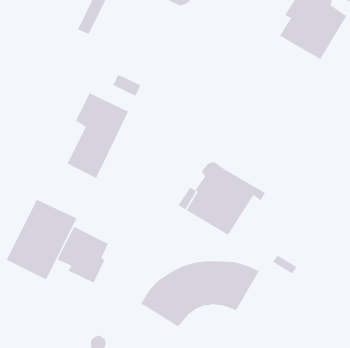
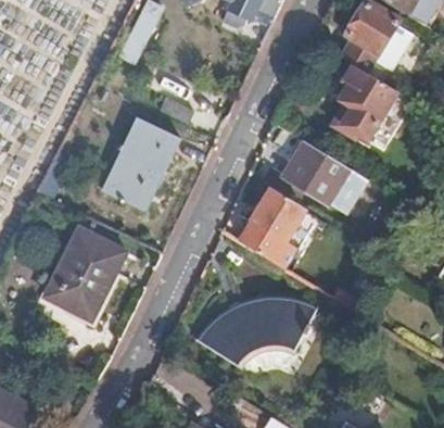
building: none -> [332,65,398,141]
building: none -> [282,141,366,213]
building: [57,226,108,283] -> none

